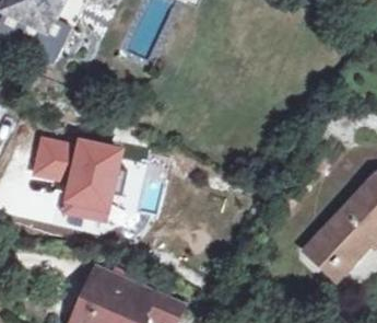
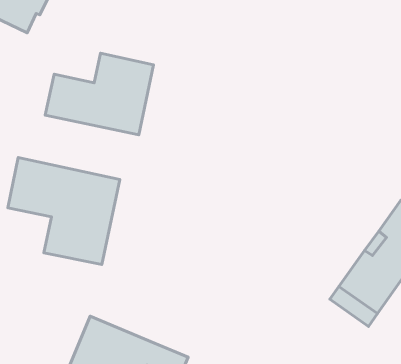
building: none -> [45,53,154,135]

